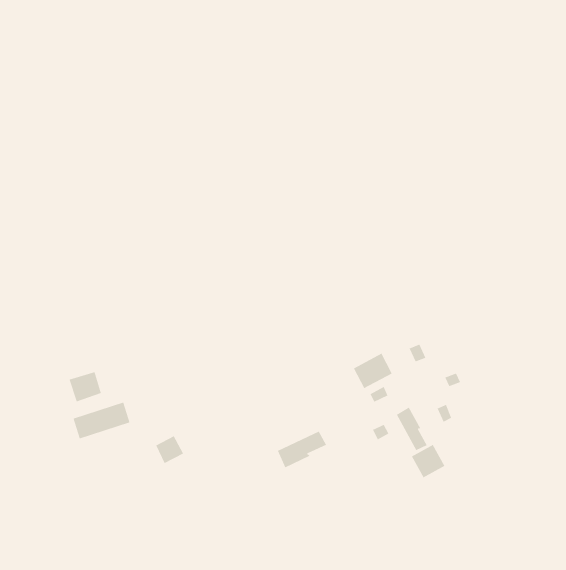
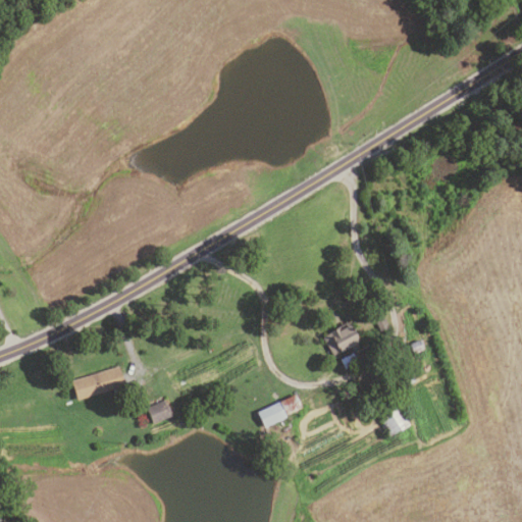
building: [69,371,102,403] -> none
building: [396,407,428,451] -> none

